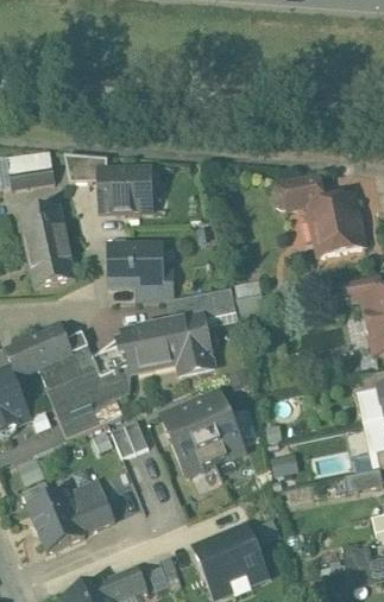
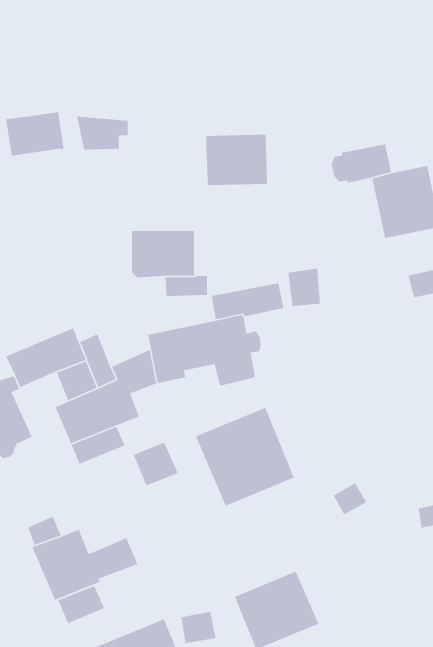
building: [100,169,151,211] -> [206,134,268,186]
building: [18,204,77,286] -> none
building: [67,480,106,512] -> [57,585,105,624]

